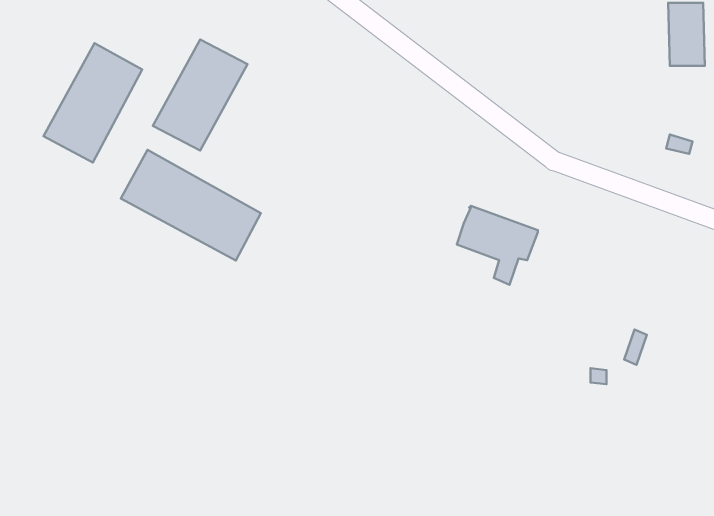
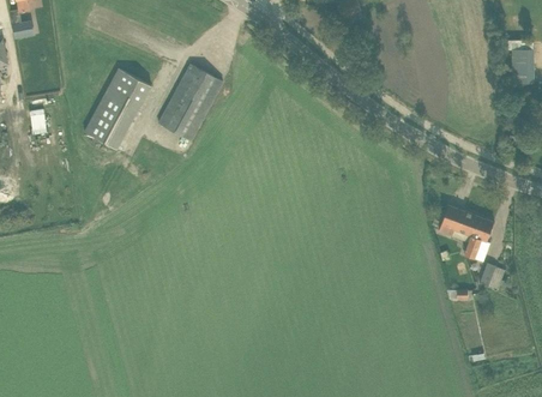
building: [121,150,261,261] -> none
building: [457,206,538,285] -> [439,204,494,258]

